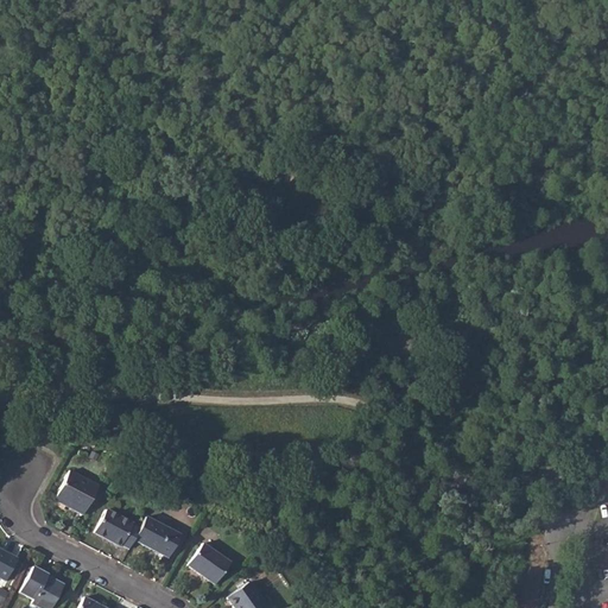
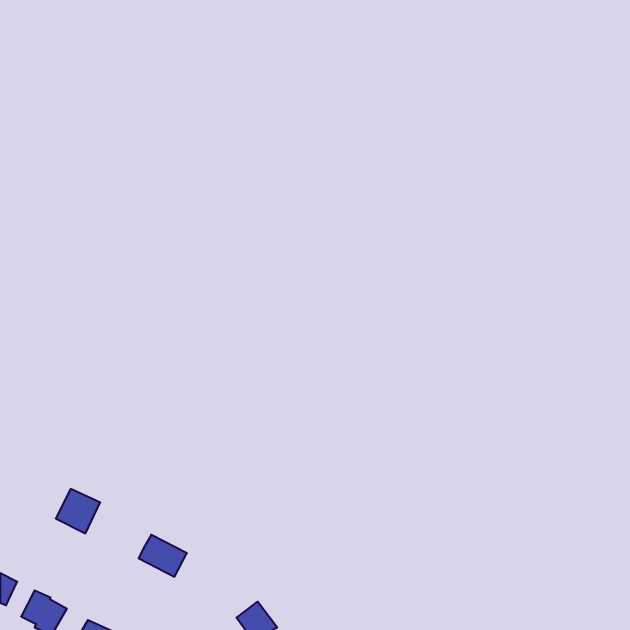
building: [96,509,141,547] -> none
building: [190,543,233,583] -> none

